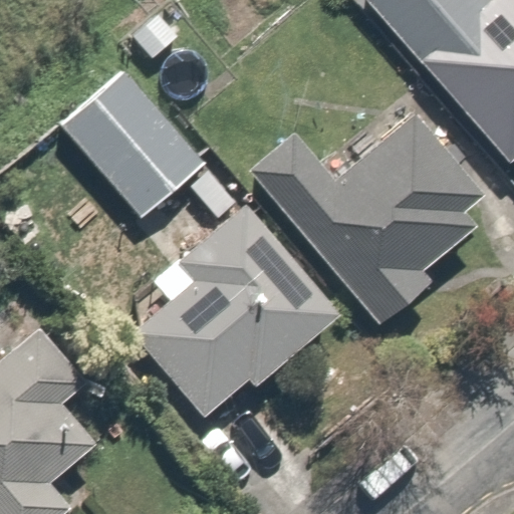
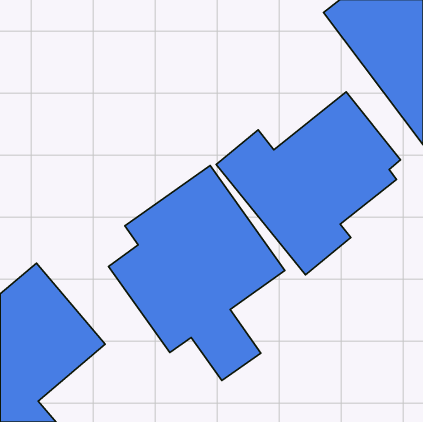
building: [58,49,192,217] -> none

